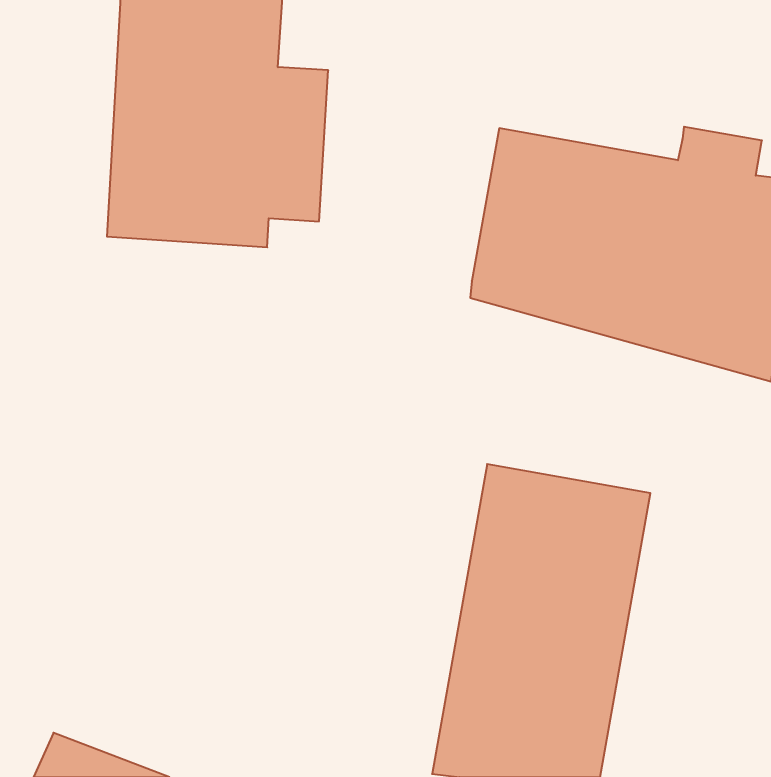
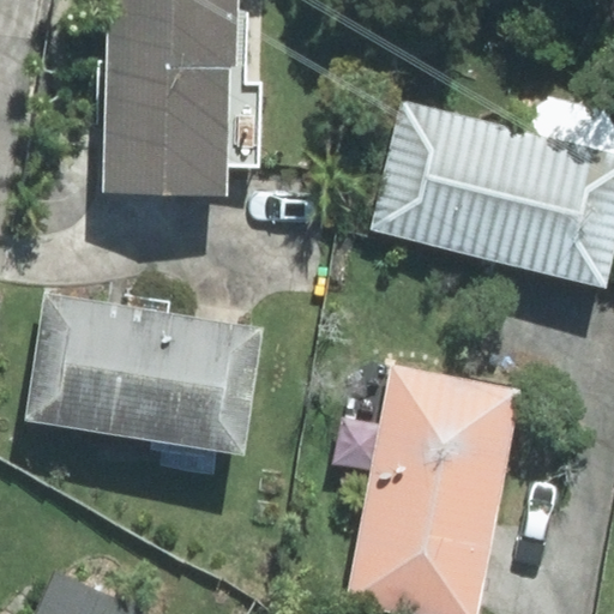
building: none -> [28,297,258,449]

